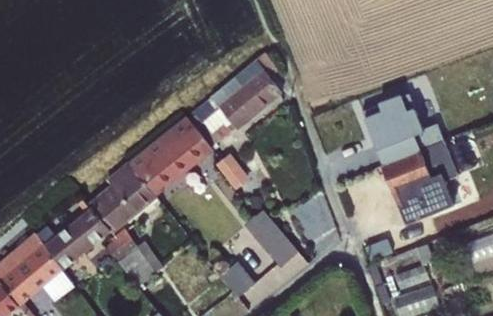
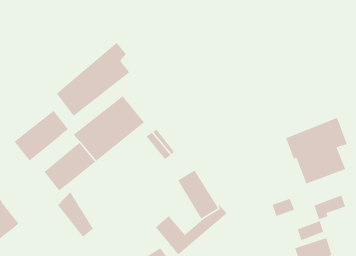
building: [191,55,280,145] -> [56,42,130,117]
building: [359,94,443,167] -> none
building: [43,208,109,270] -> [14,110,69,162]

